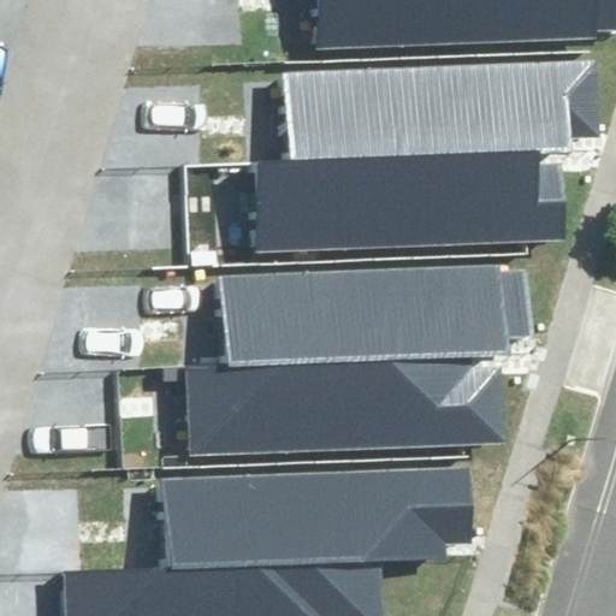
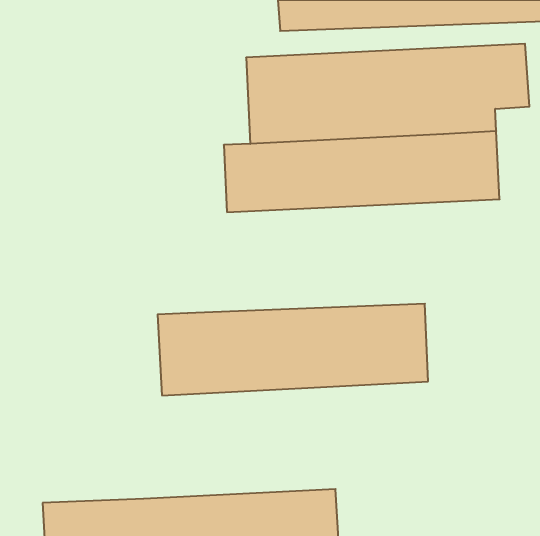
building: [213,261,511,363] -> none
building: [162,462,482,573] -> none

